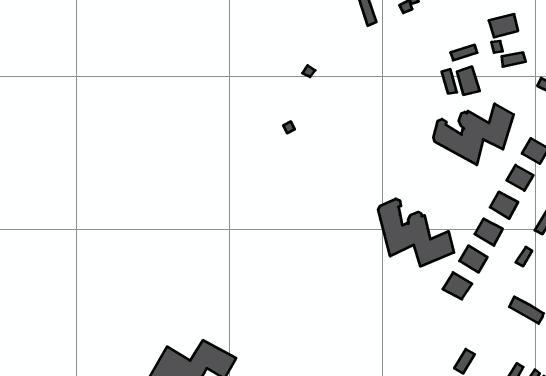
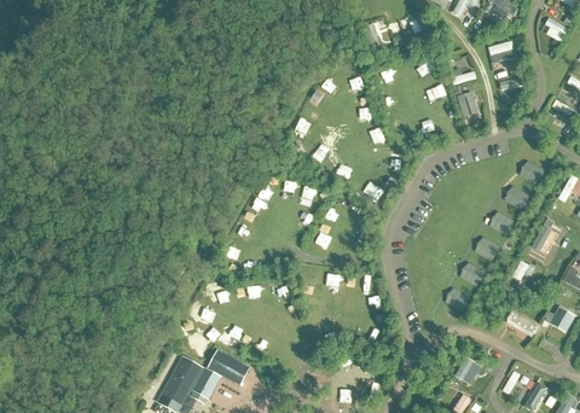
building: [433,104,514,165] -> none
building: [378,199,454,266] -> none

